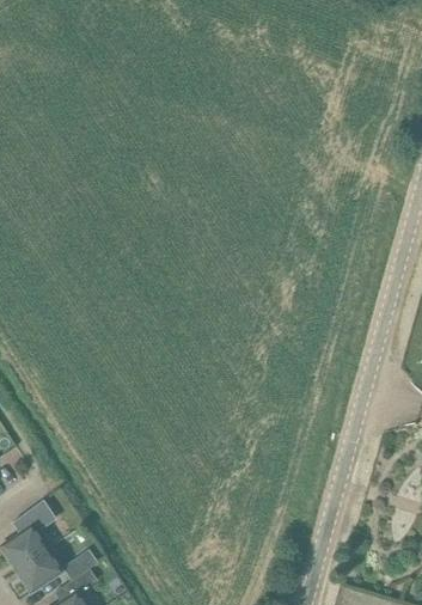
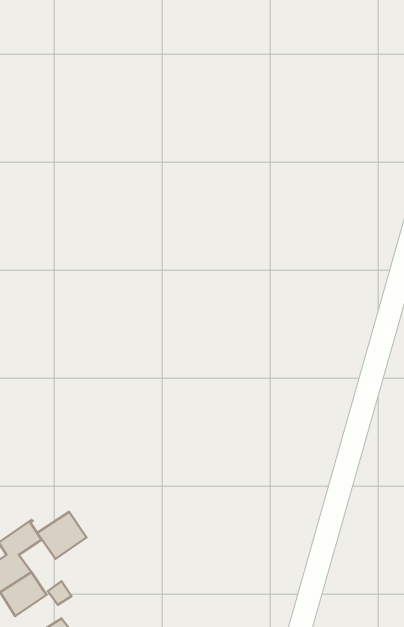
building: none -> [37,512,86,559]

